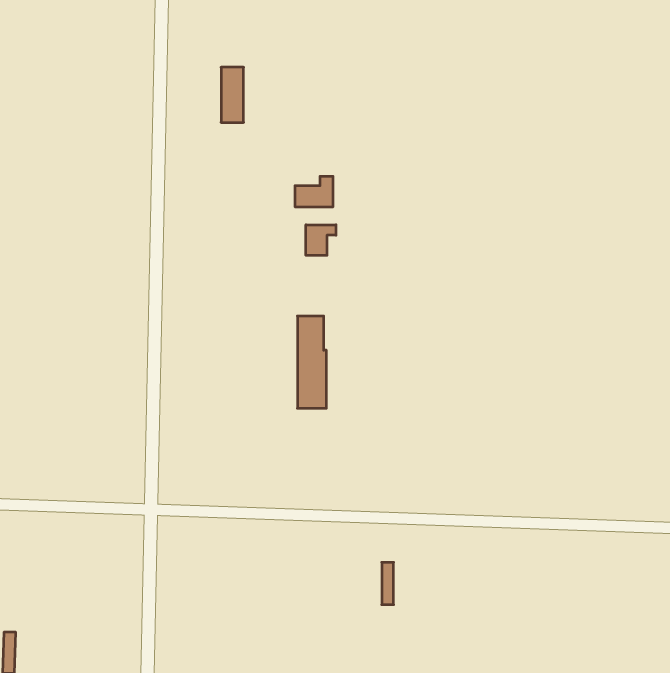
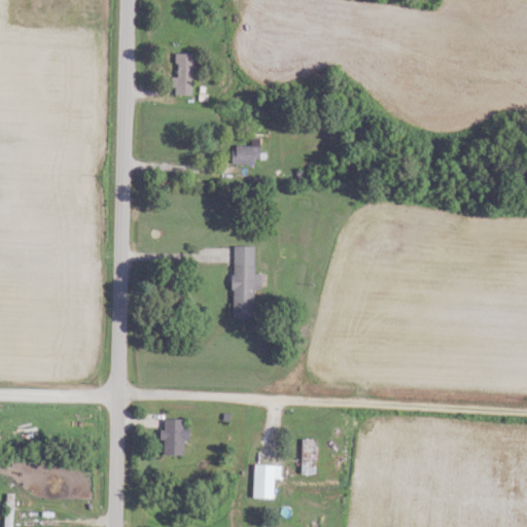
building: [306,225,336,255] -> none
building: none -> [164,419,186,454]
building: none -> [254,464,276,498]

